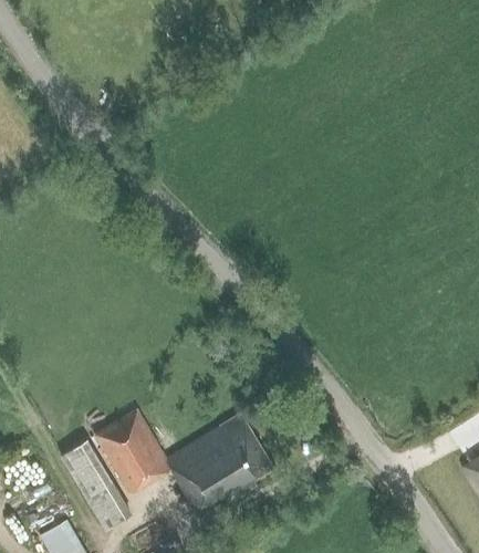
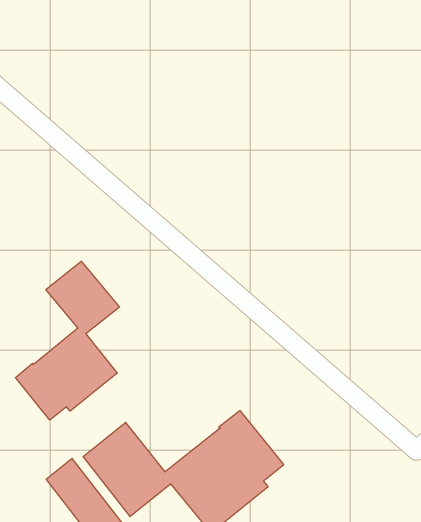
building: none -> [15,261,119,420]

